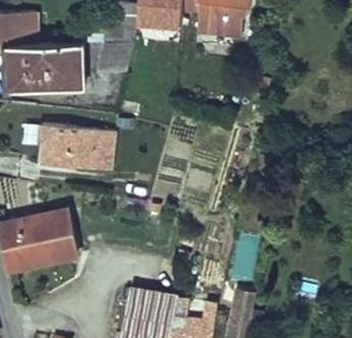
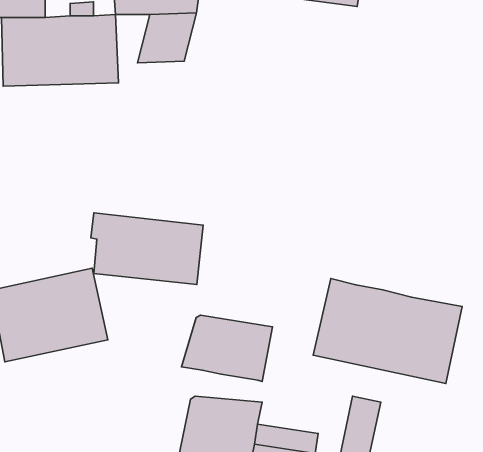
building: [40,124,113,171] -> [91,213,203,284]
building: none -> [313,278,462,383]
building: none -> [182,315,273,382]

